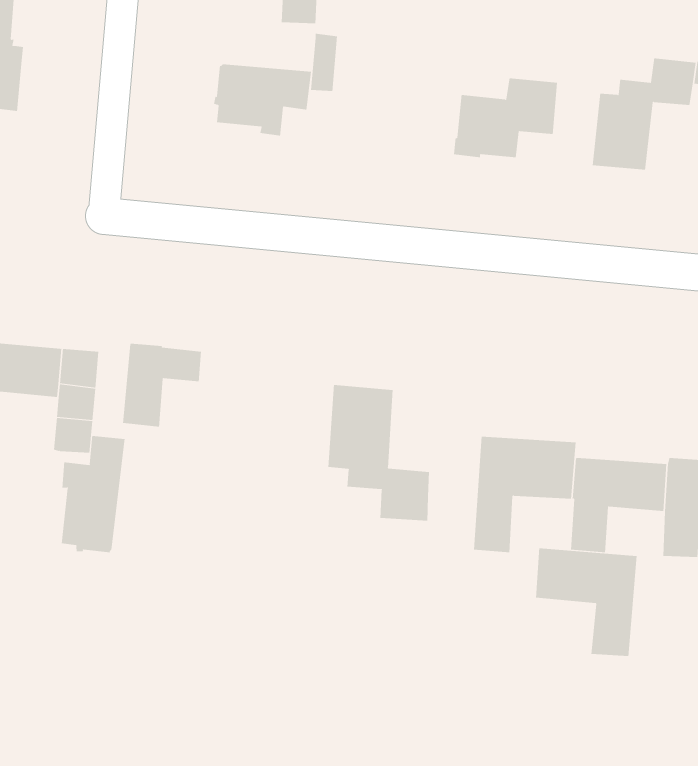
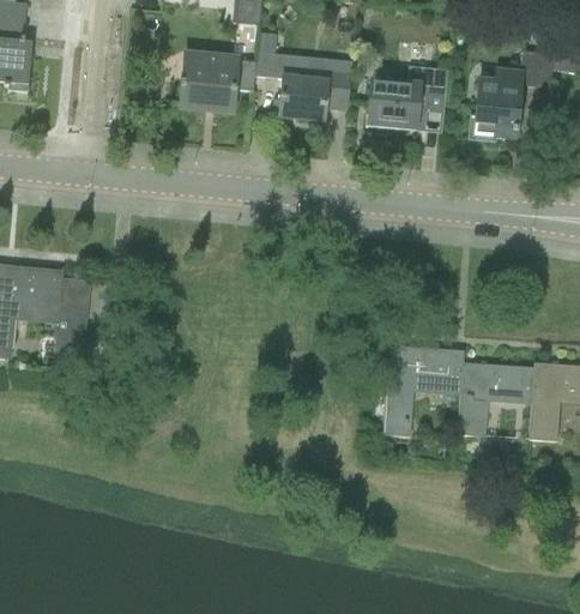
building: none -> [279,56,354,120]
building: [118,342,202,427] -> none
building: [328,384,430,522] -> none
building: [61,435,125,553] -> none
building: [536,547,637,657] -> none

